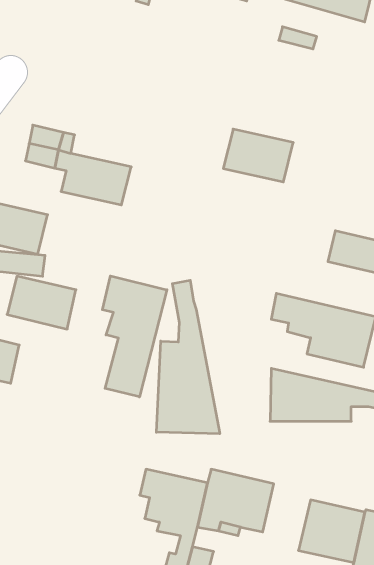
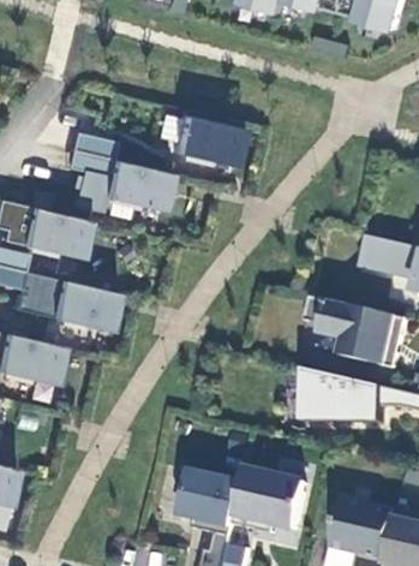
building: [223,129,293,182] -> [169,114,238,166]
building: [102,276,167,397] -> none
building: [156,280,220,434] -> none

